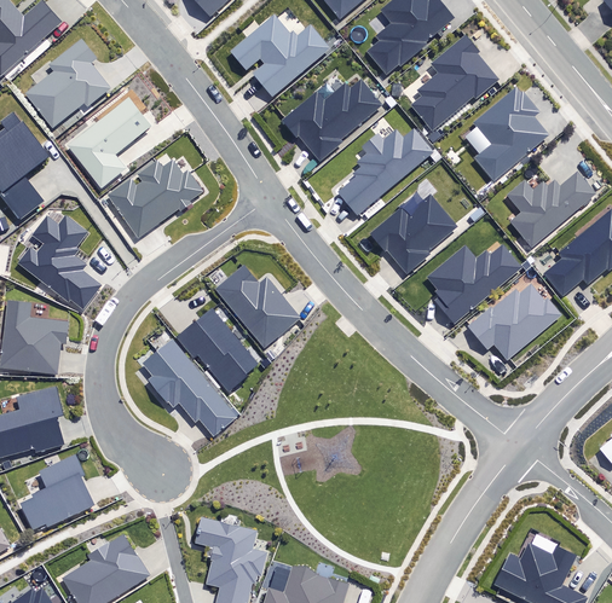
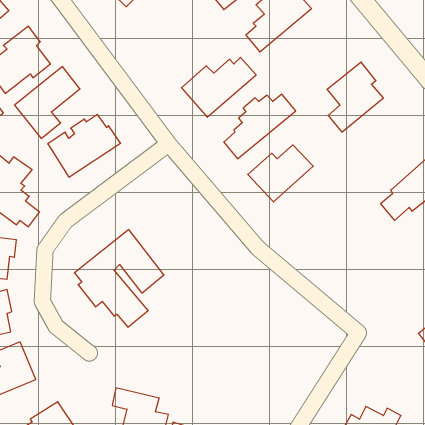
building: [233,17,330,97] -> none
building: [412,37,498,131] -> none
building: [509,173,595,247] -> none
building: [428,247,520,321] -> none
building: [215,263,299,344] -> none
building: [470,282,562,359] -> none

